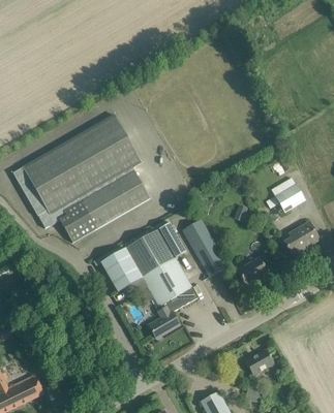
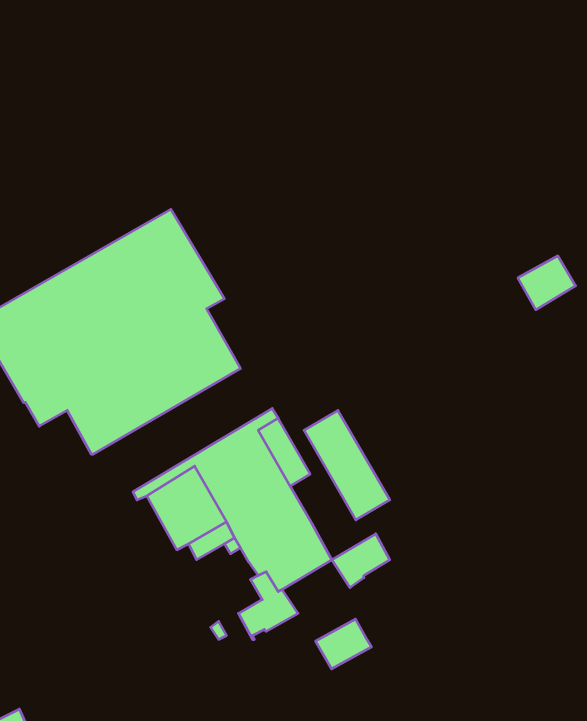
building: [274,184,304,212] -> [518,256,576,310]
building: [283,221,318,255] -> none
building: [237,258,267,286] -> [332,534,390,588]
building: [244,349,273,375] -> [316,619,371,669]

